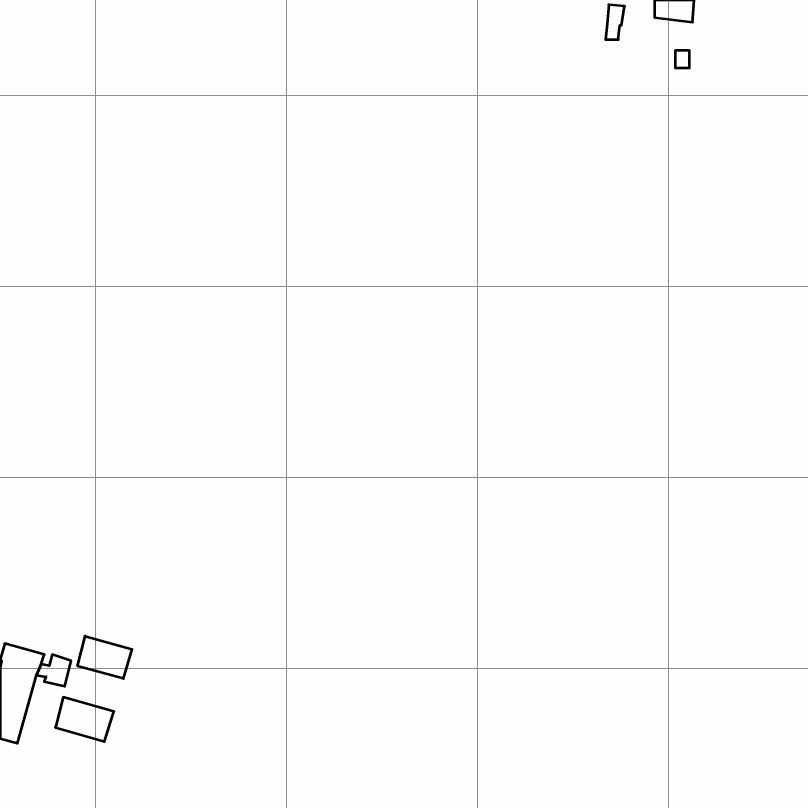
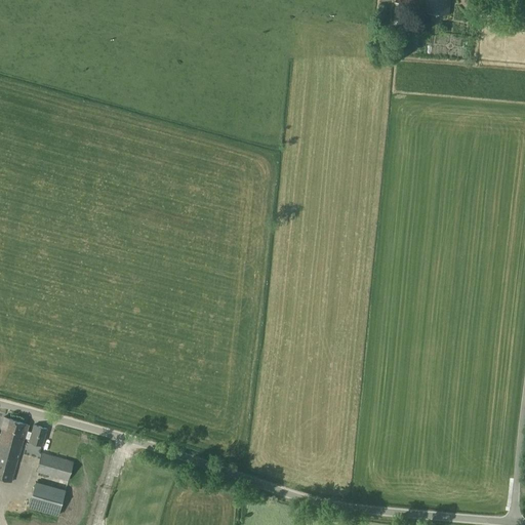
building: [78,636,132,679] -> none
building: none -> [28,482,65,516]

